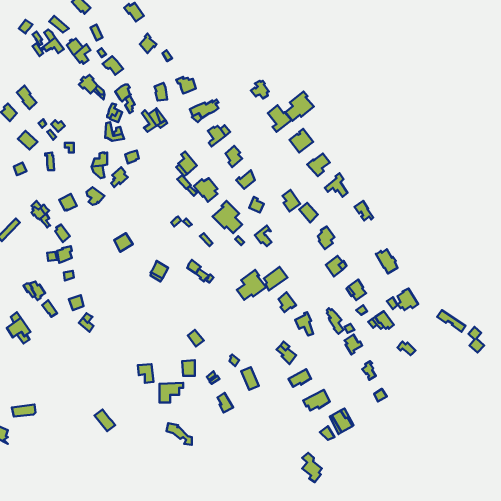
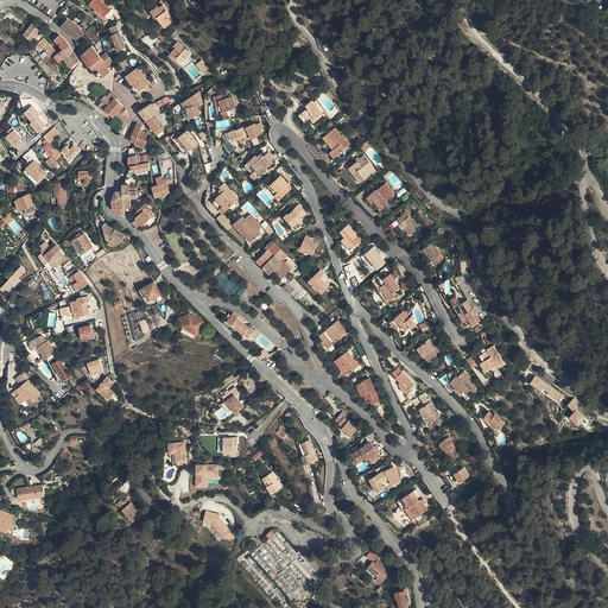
building: [286,91,314,121] -> none
building: [237,270,266,300] -> none

